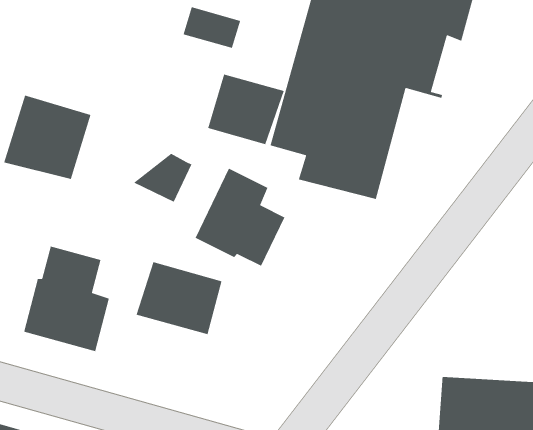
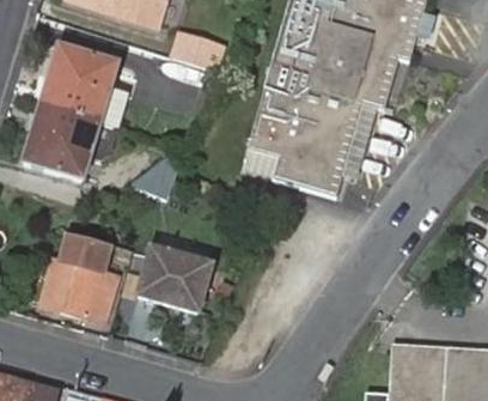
building: none -> [43,48,117,122]
building: [207,73,285,145] -> none
building: [194,168,285,267] -> none

